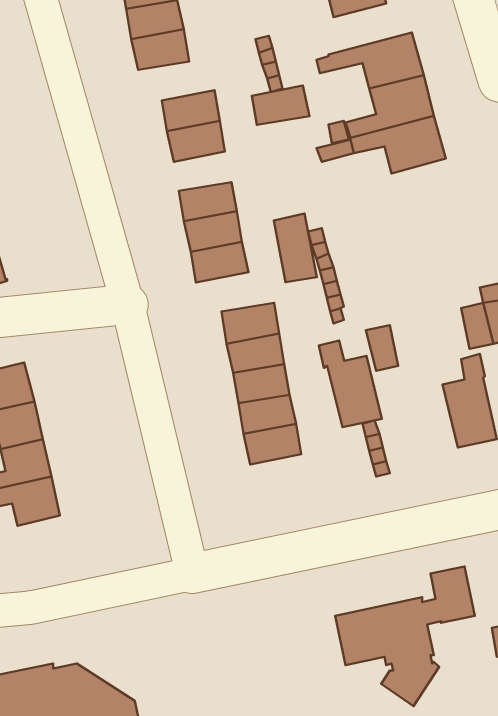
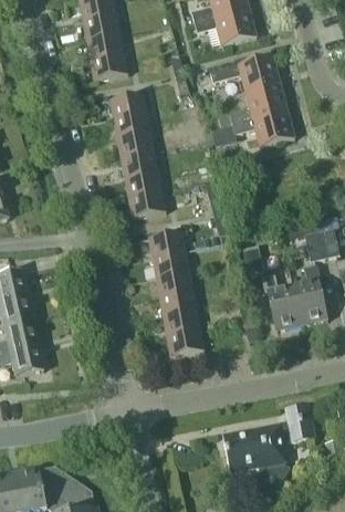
building: [252,86,310,125] -> [117,133,155,158]
building: [274,213,317,282] -> none
building: [319,340,382,427] -> [261,274,302,331]
building: none -> [167,330,203,356]

